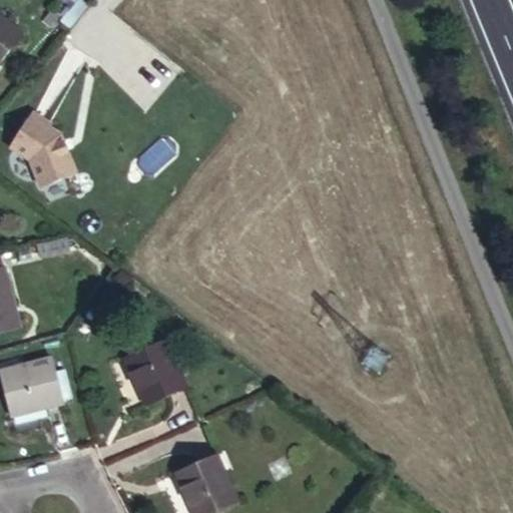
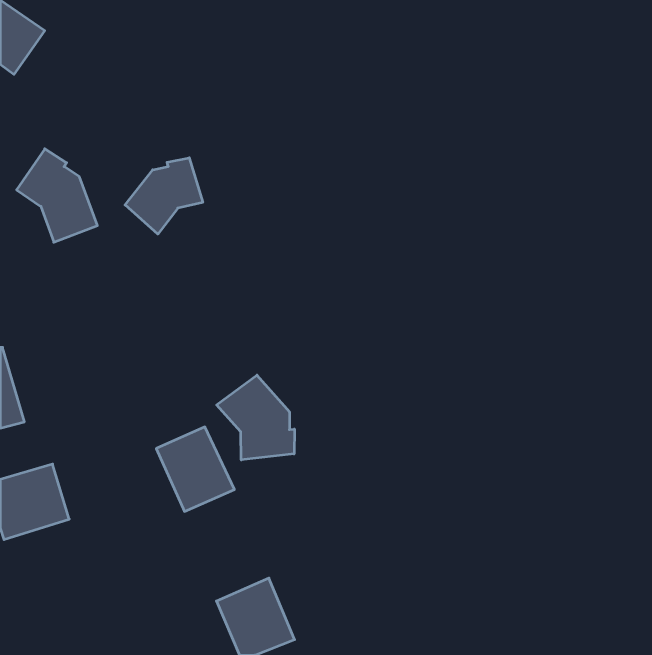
building: none -> [125,158,203,234]
building: none -> [217,375,294,460]

